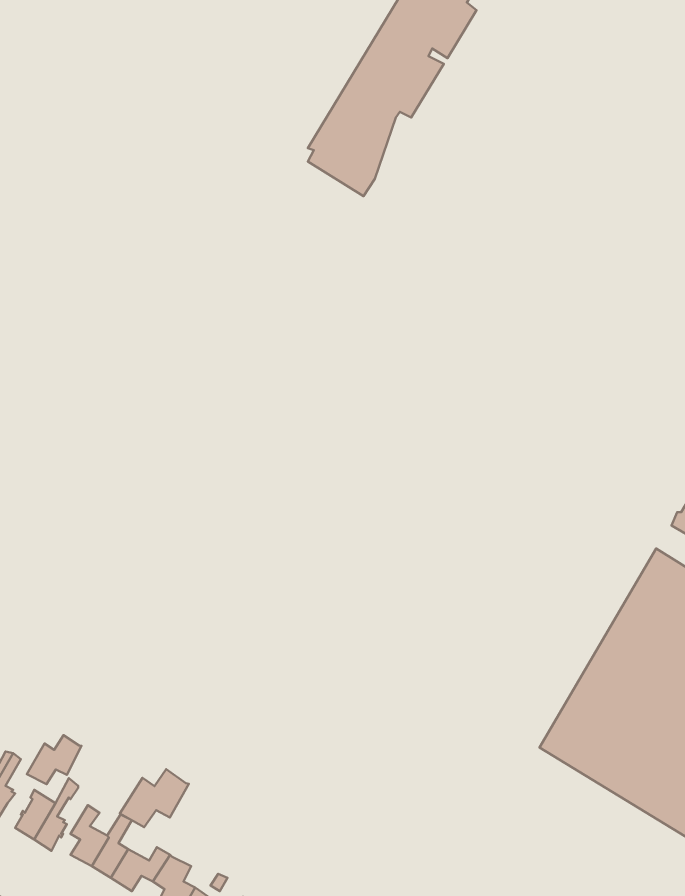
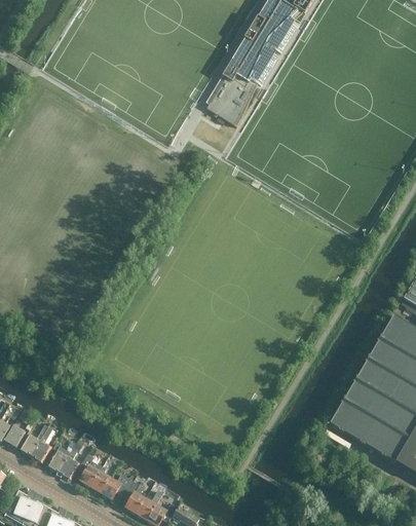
building: [27,735,82,784] -> none
building: [120,769,189,827] -> none

